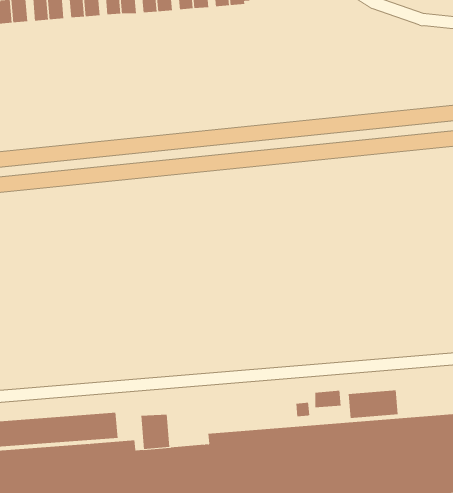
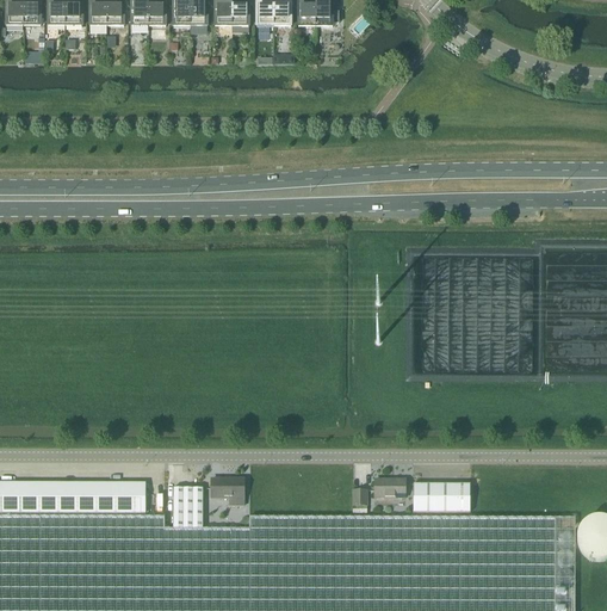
building: none -> [210,481,242,507]

